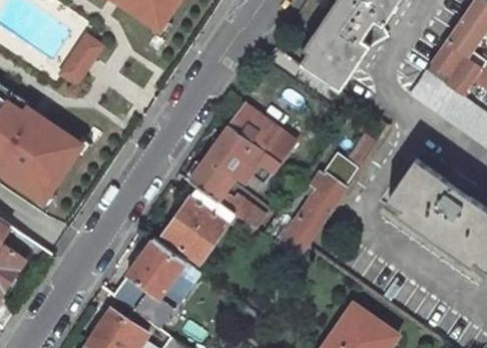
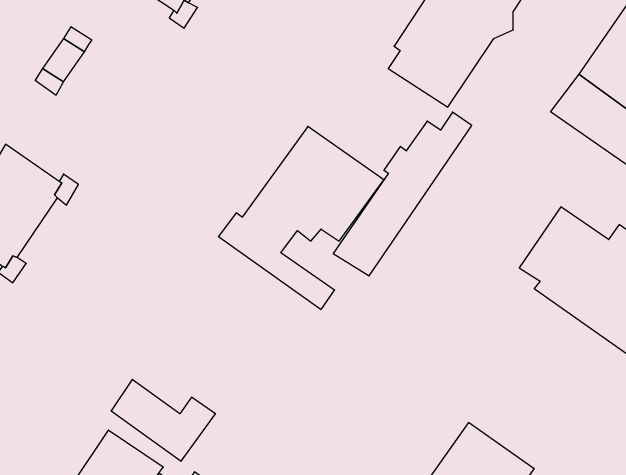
building: [275,146,368,257] -> [333,112,472,276]
building: [163,187,255,261] -> none
building: [127,238,185,297] -> none

